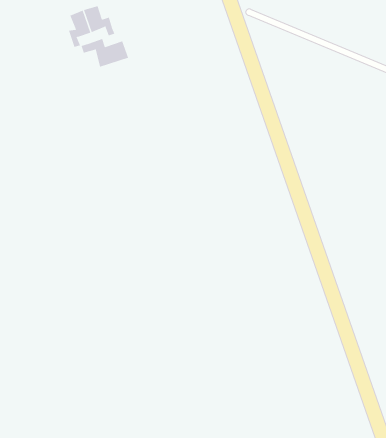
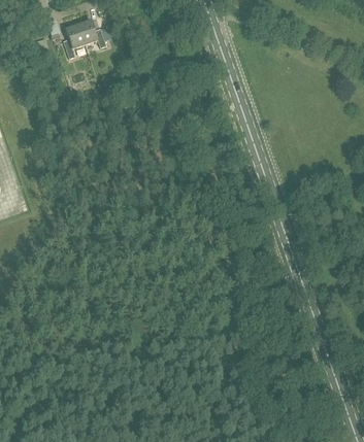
building: [81,38,129,67] -> none

